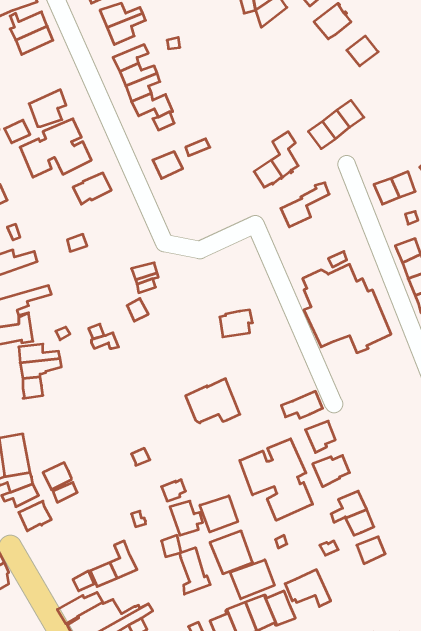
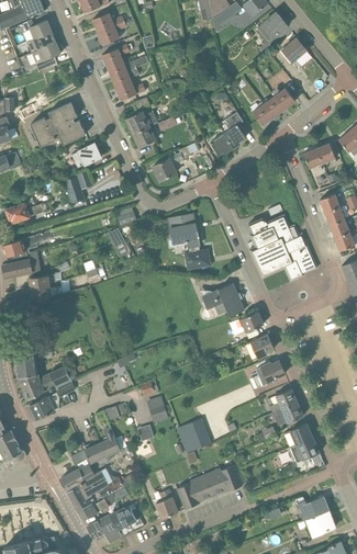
building: [29,90,66,127] -> [32,42,60,70]
building: none -> [125,111,158,134]
building: [281,183,329,227] -> [153,147,190,181]
building: none -> [168,214,200,252]
building: [186,379,240,423] -> [202,283,244,317]
building: [240,439,313,520] -> none
building: [200,496,238,532] -> none
building: [180,548,210,594] -> none
building: [230,560,274,599] -> none
building: [285,570,331,607] -> [288,437,323,465]

